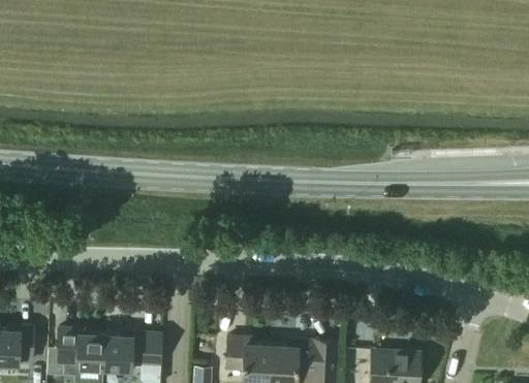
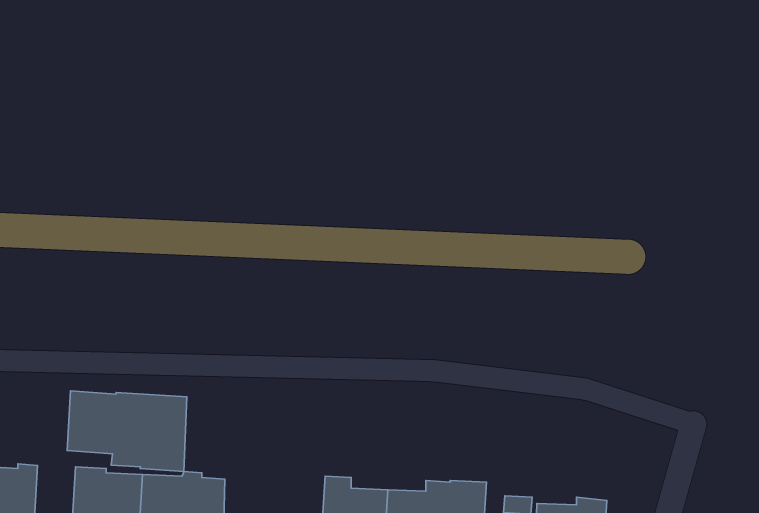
building: none -> [67,391,187,471]

